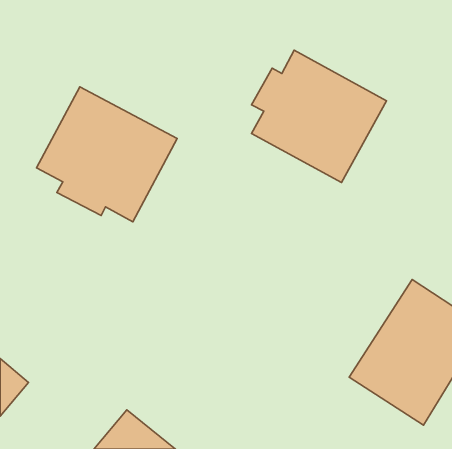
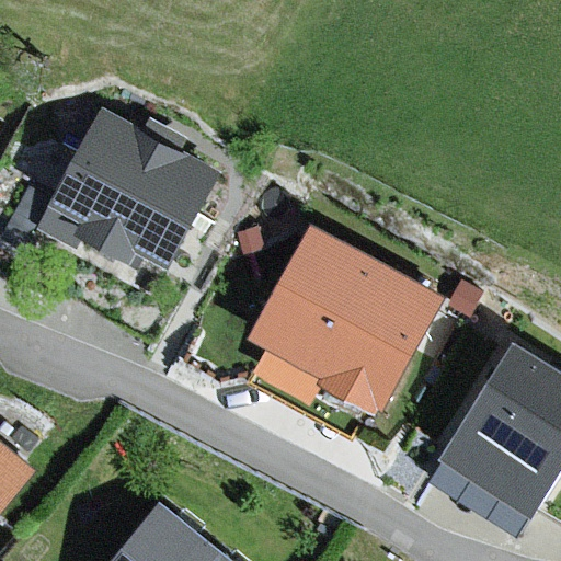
building: [251,50,387,182] -> none
building: none -> [244,226,442,419]

